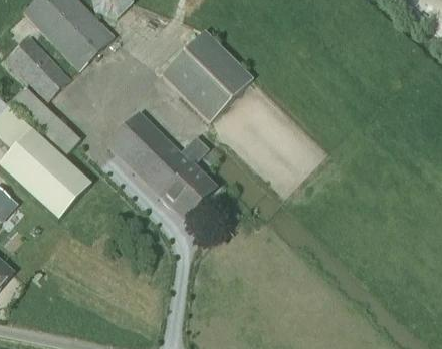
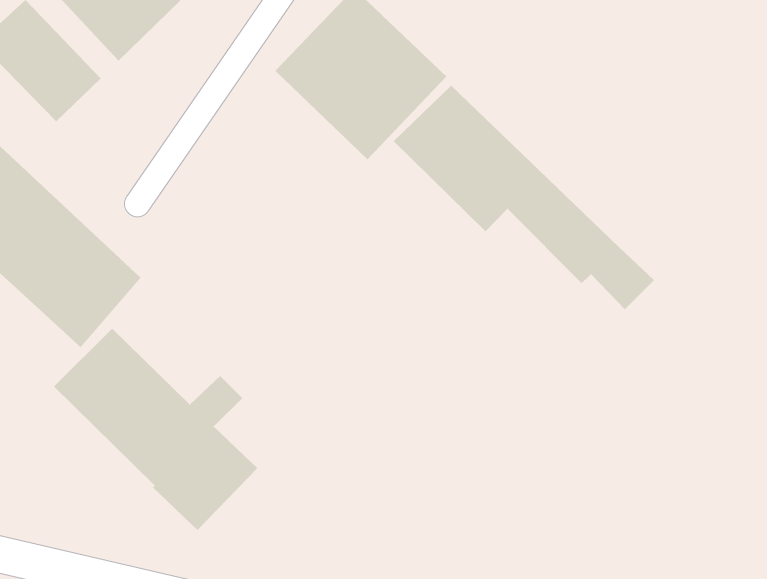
building: none -> [393,85,655,310]
building: [107,111,216,219] -> [53,328,258,531]

